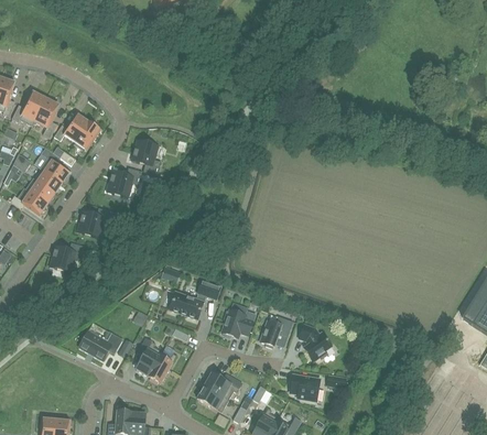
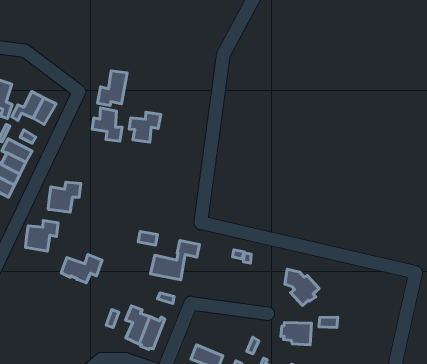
building: none -> [98,71,127,106]
building: [109,166,142,196] -> [129,112,161,142]
building: [221,308,256,337] -> none
building: [259,315,293,347] -> none
building: [79,330,121,358] -> [61,254,102,283]
building: [204,372,241,399] -> none

